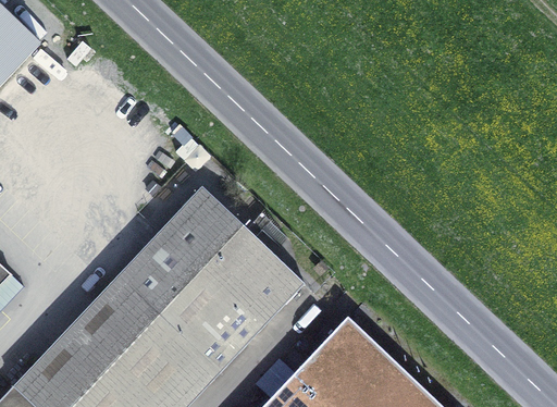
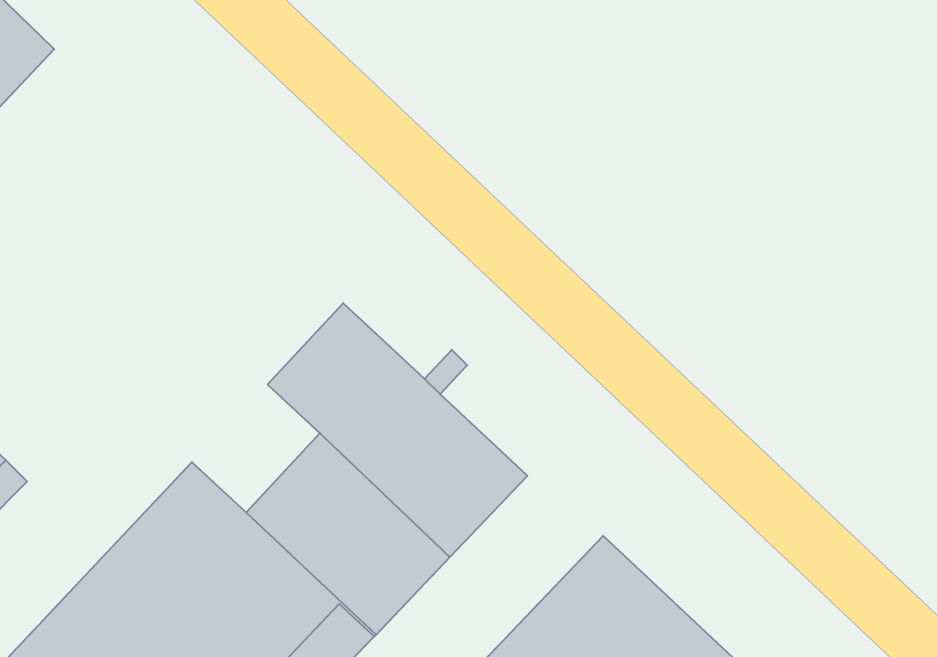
building: [115,234,187,306] -> none

